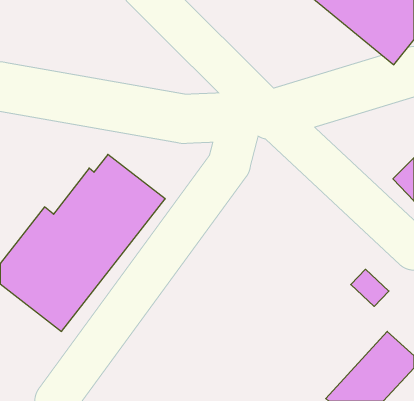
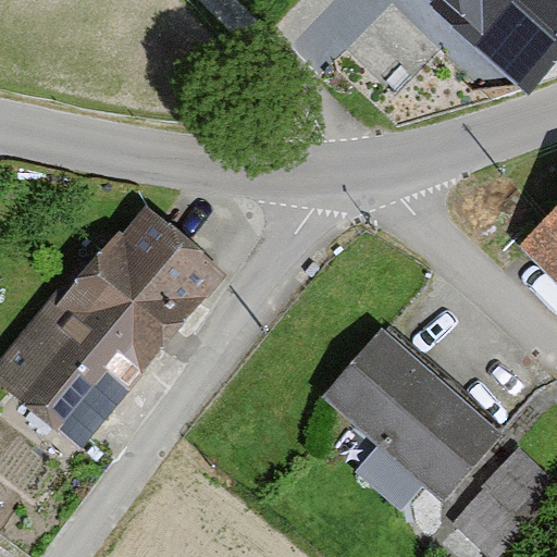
building: none -> [323,330,504,504]

